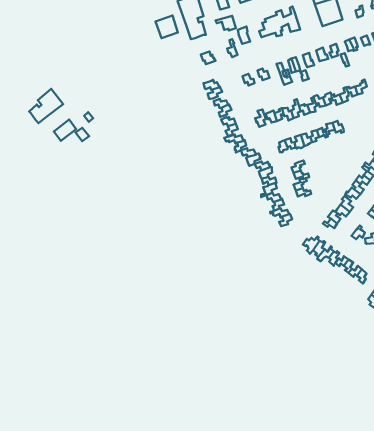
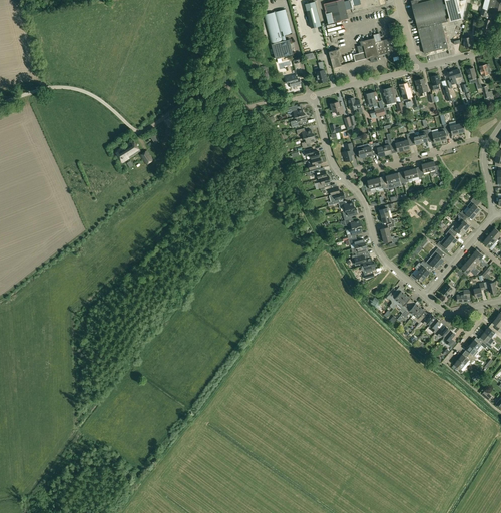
building: [155,15,178,38] -> none
building: [29,89,63,123] -> none

